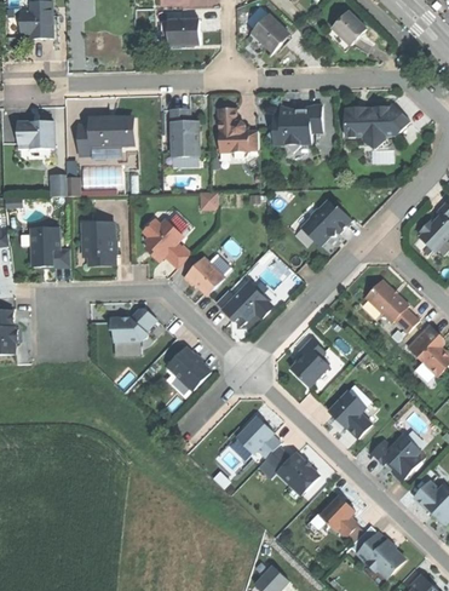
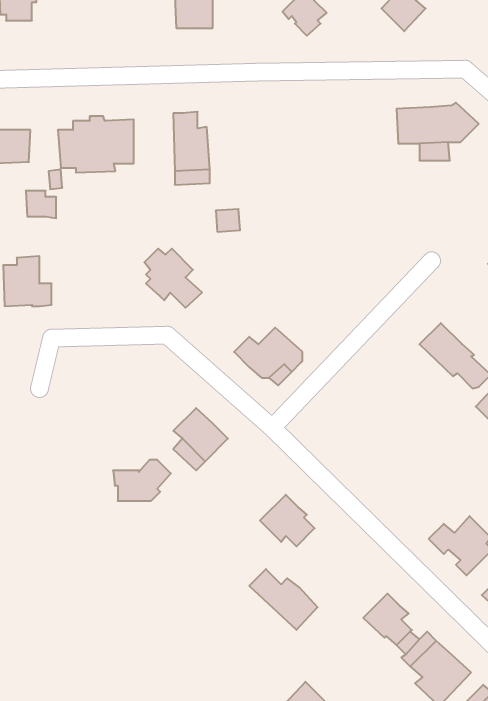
building: [269,103,323,150] -> none
building: [218,109,258,159] -> none
building: [301,199,352,245] -> none
building: [82,222,115,264] -> none
building: [184,257,224,294] -> none
building: [110,308,156,340] -> [113,460,171,501]
building: [290,338,329,385] -> none
building: [328,384,370,437] -> none
building: [265,444,320,493] -> [249,569,318,630]

